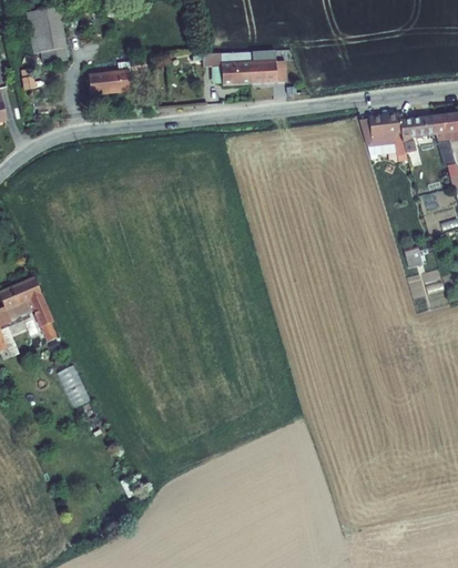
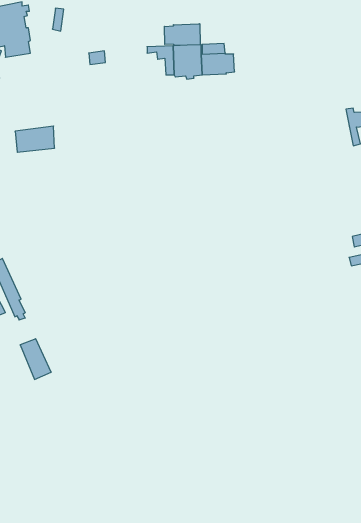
building: none -> [164,24,200,46]
building: [85,68,128,95] -> [15,126,55,152]
building: [374,120,409,161] -> none

